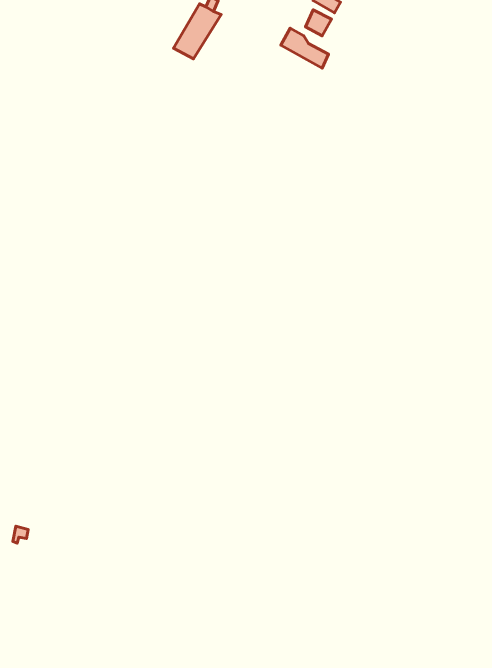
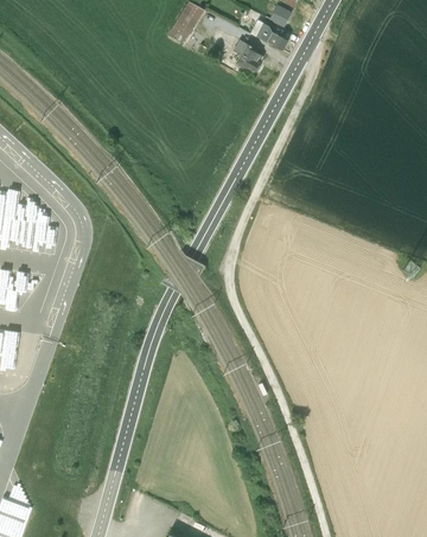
building: none -> [232,41,260,73]

